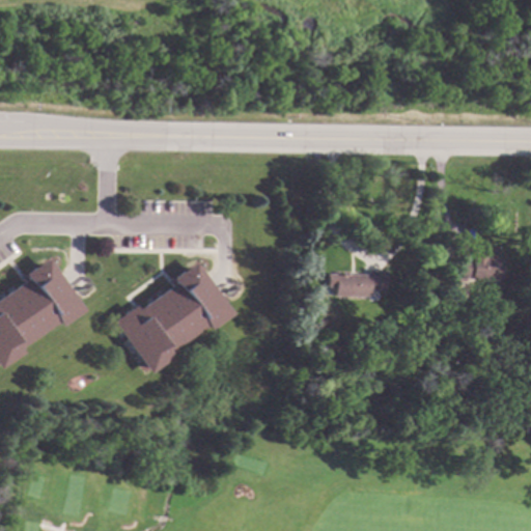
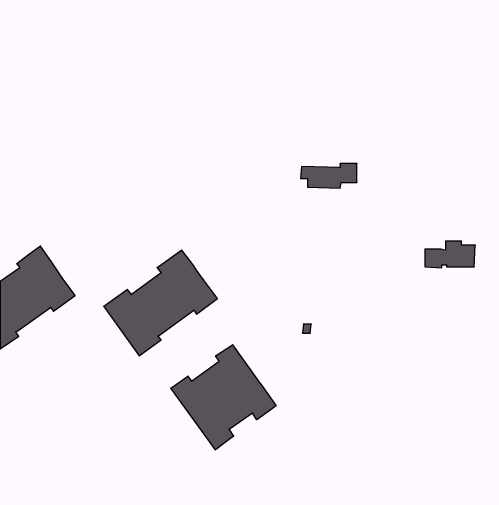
building: [332,271,391,297] -> [301,164,357,188]
building: none -> [171,345,276,450]

